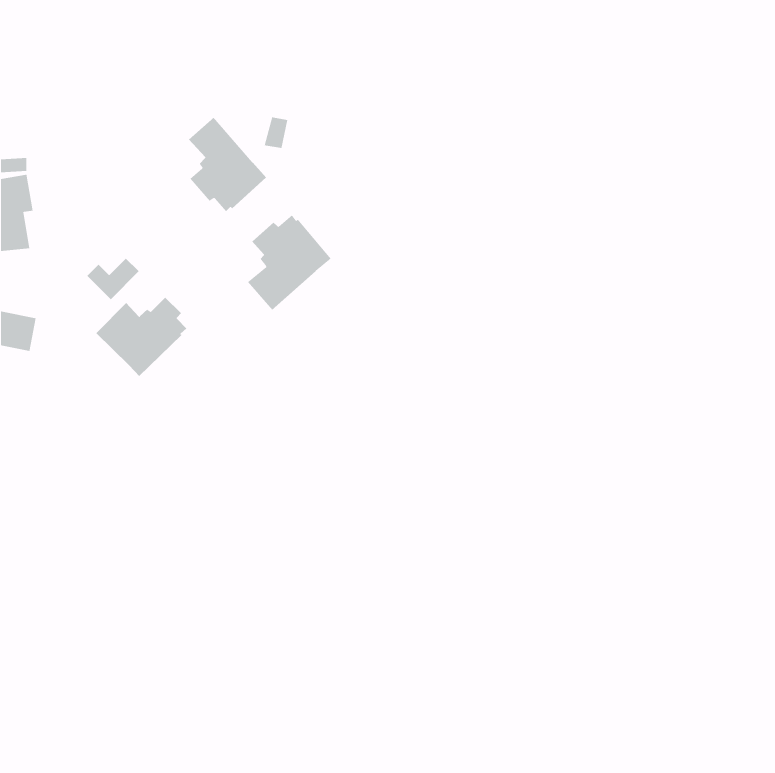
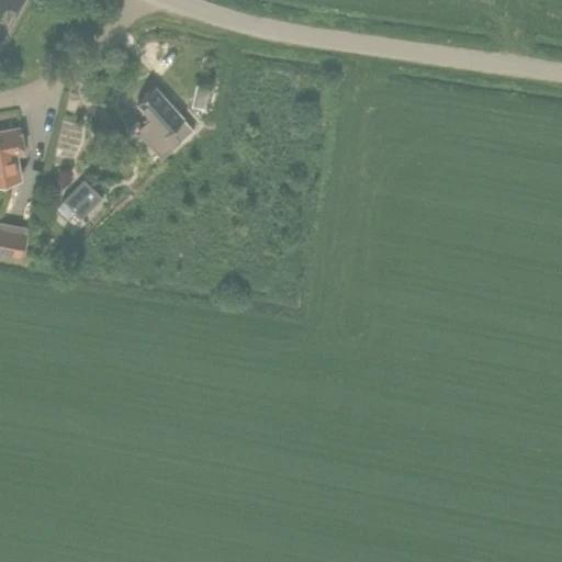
building: [247,214,331,311] -> none
building: [95,297,187,377] -> none

